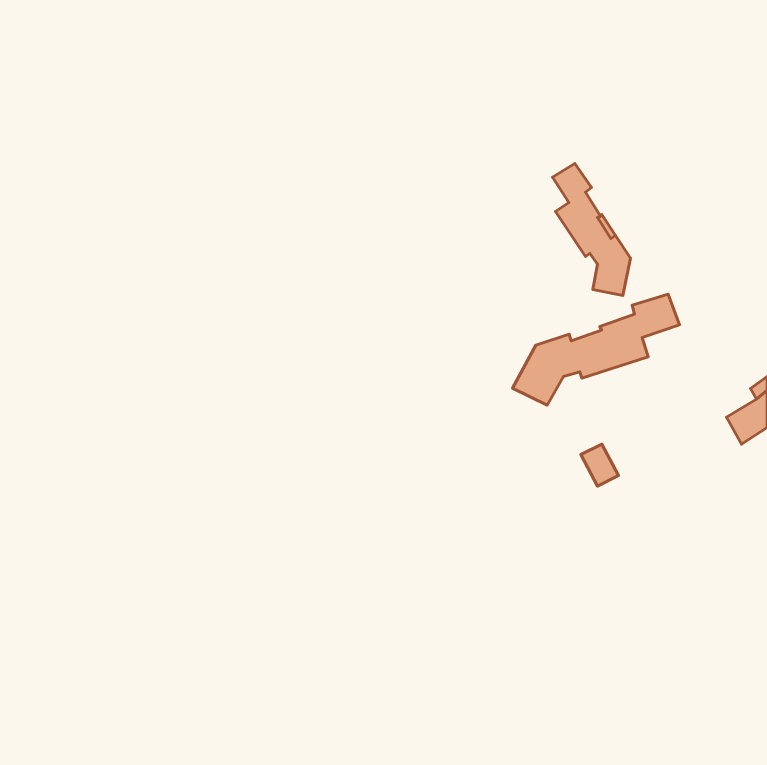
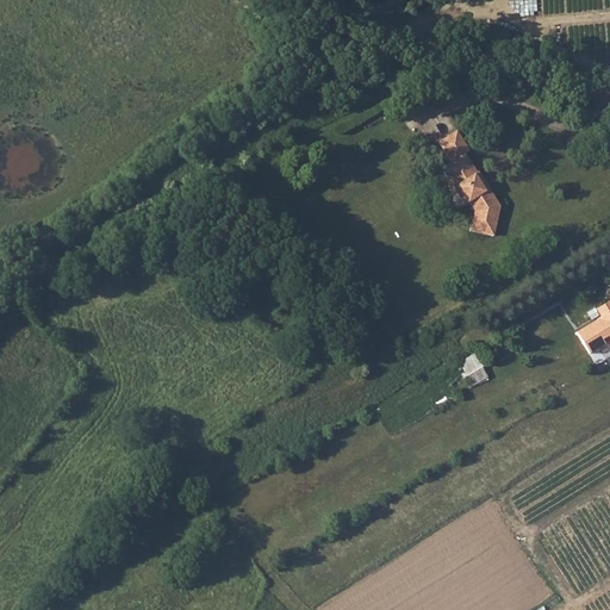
building: [513,294,679,405] -> none

